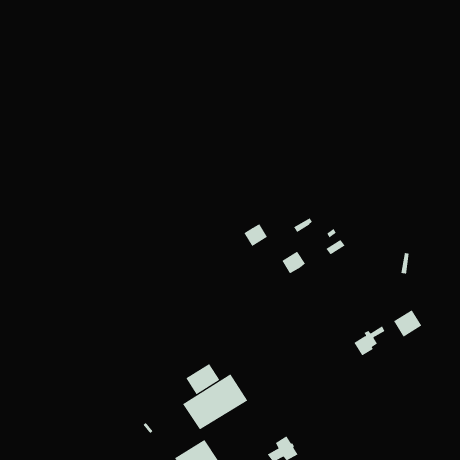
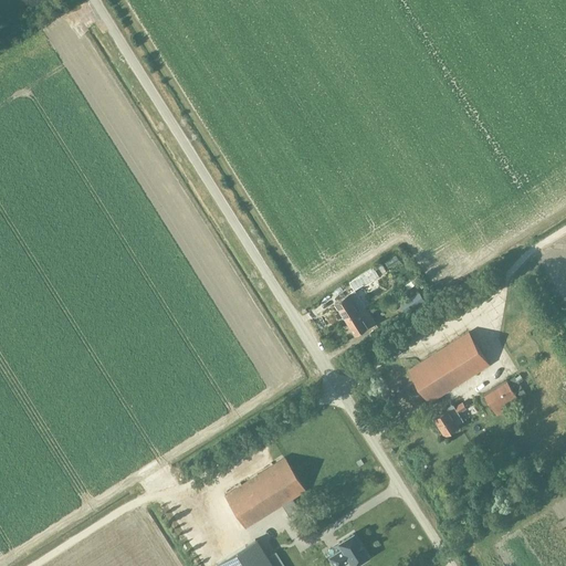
building: [244,223,268,247] -> [335,292,365,321]
building: none -> [409,334,489,403]
building: [186,363,220,395] -> none

